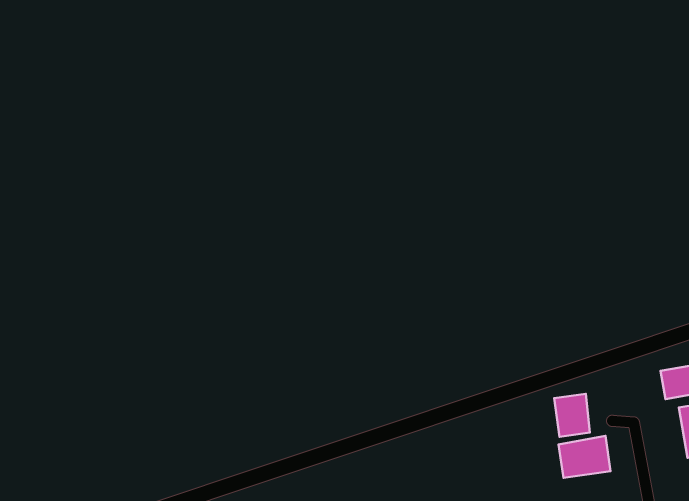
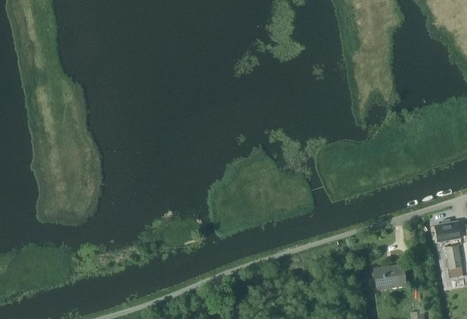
building: [554,394,590,437] -> none

